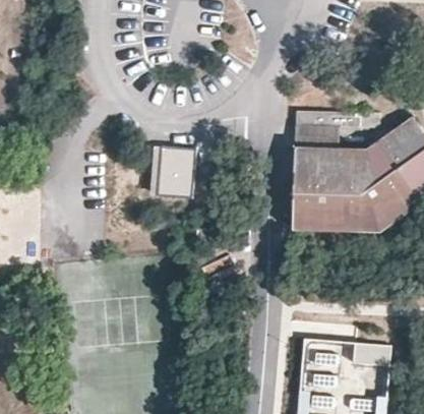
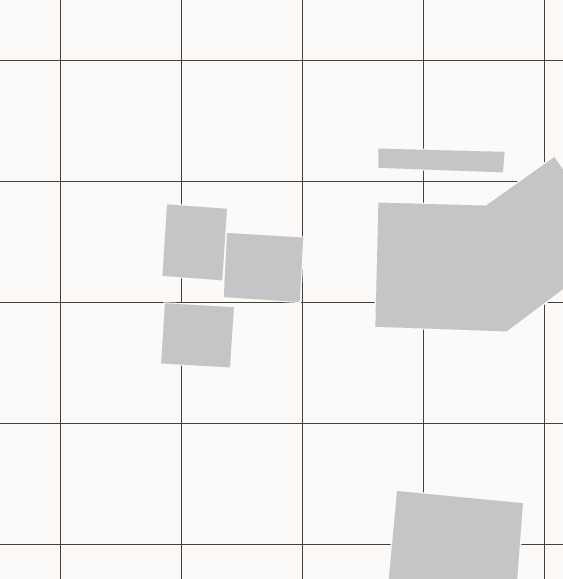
building: none -> [223,232,304,303]
building: none -> [161,303,235,368]

